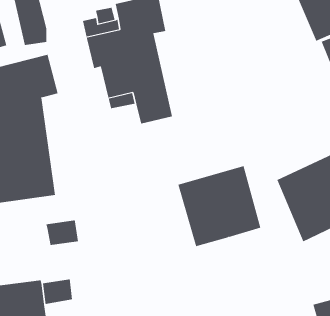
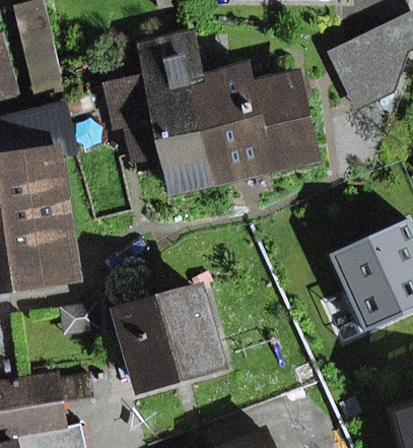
building: none -> [192,70,315,182]
building: [177,166,261,247] -> [123,293,222,389]

